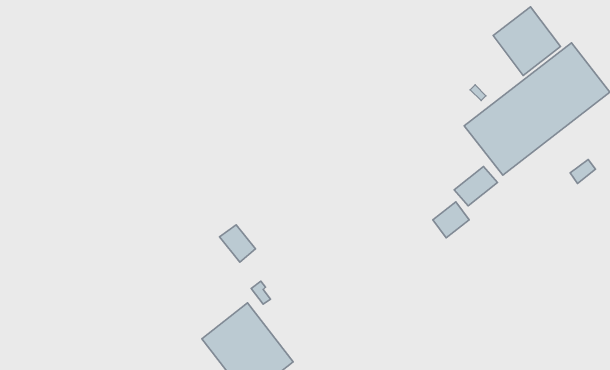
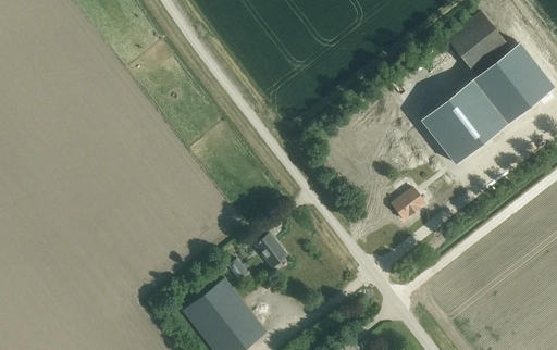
building: [454,167,497,206] -> none
building: [219,225,256,262] -> [255,234,287,267]

